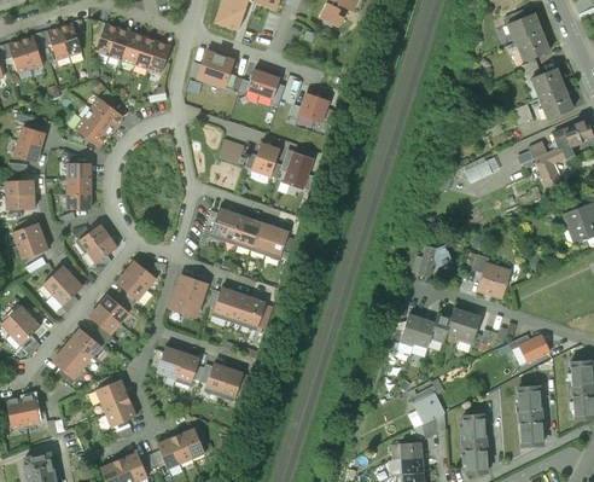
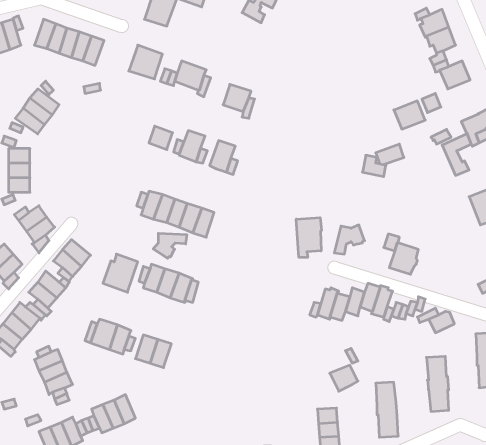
building: [538,88,572,118] -> [394,101,425,129]
building: none -> [296,218,321,257]
building: none -> [153,233,187,258]

